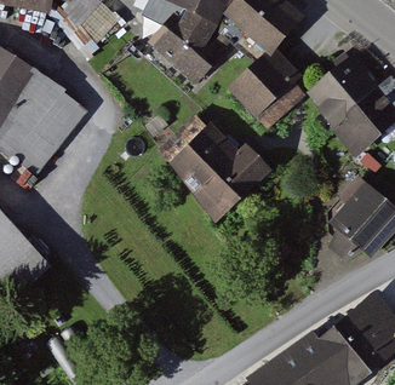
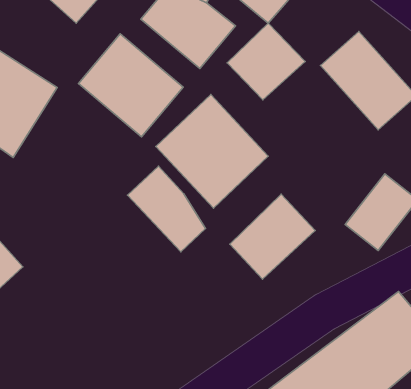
building: none -> [79,34,183,137]
building: none -> [128,166,206,252]
building: none -> [230,194,315,279]

